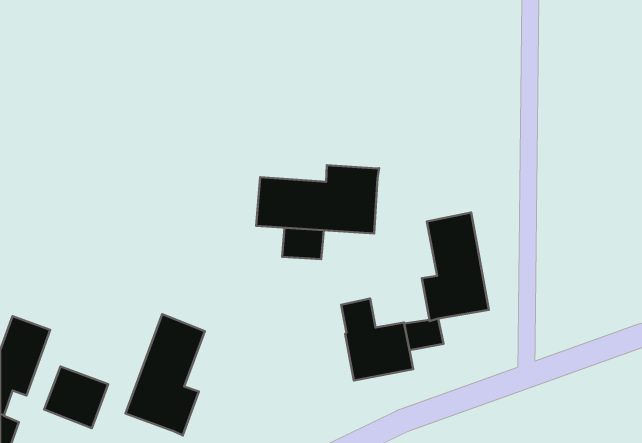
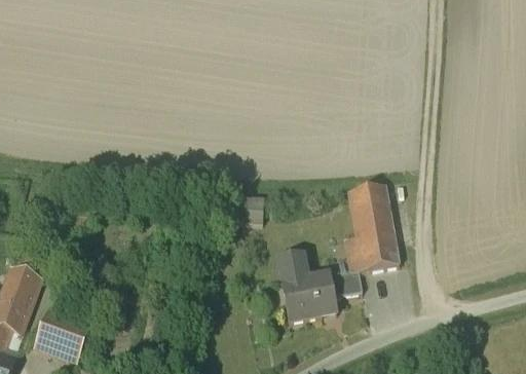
building: [256,165,379,234] -> none
building: [125,314,205,436] -> none

